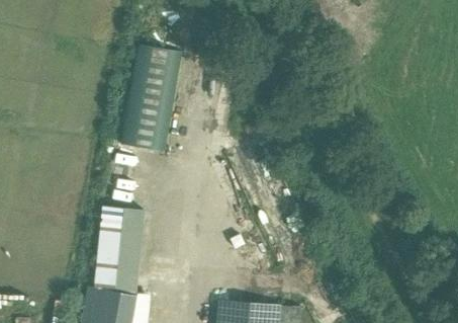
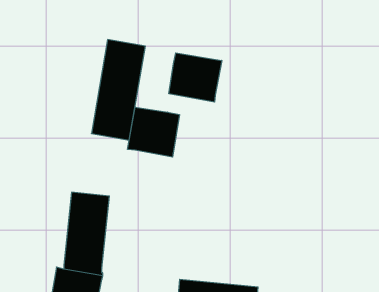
building: none -> [169,53,222,102]
building: none -> [128,107,179,157]

